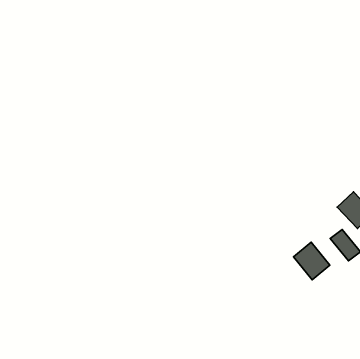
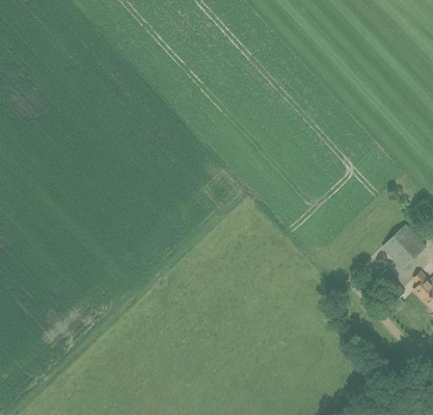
building: [293,242,330,280] -> none

